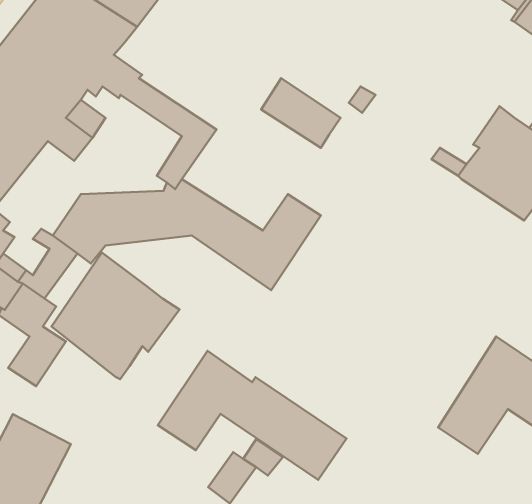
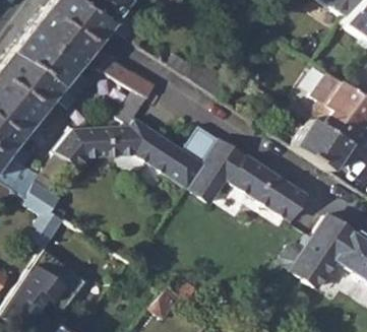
building: none -> [292,120,349,170]
building: [52,253,179,379] -> none
building: [158,351,346,480] -> [193,142,309,221]

